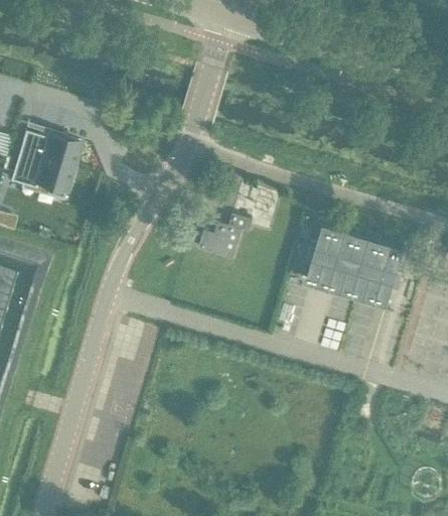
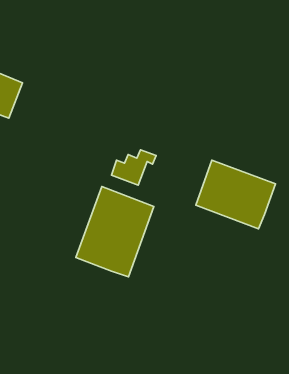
building: none -> [76,186,154,277]

